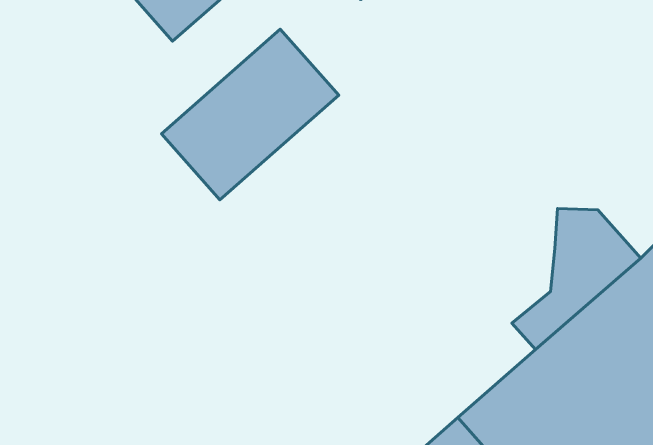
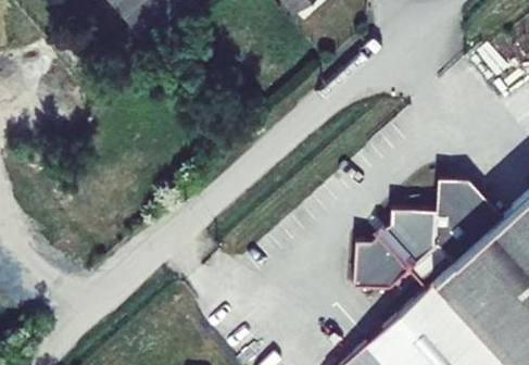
building: [161,29,339,200] -> none
building: none -> [360,204,445,285]

